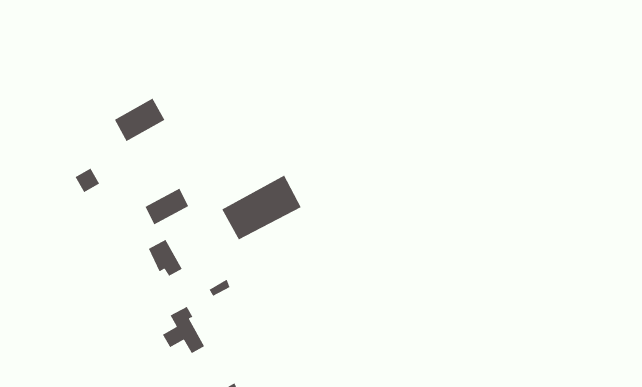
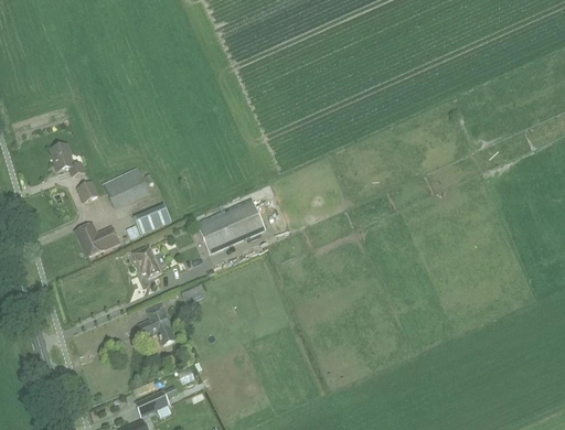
building: [114,98,165,142] -> [103,168,146,203]
building: none -> [52,143,85,175]
building: none -> [75,225,119,257]

